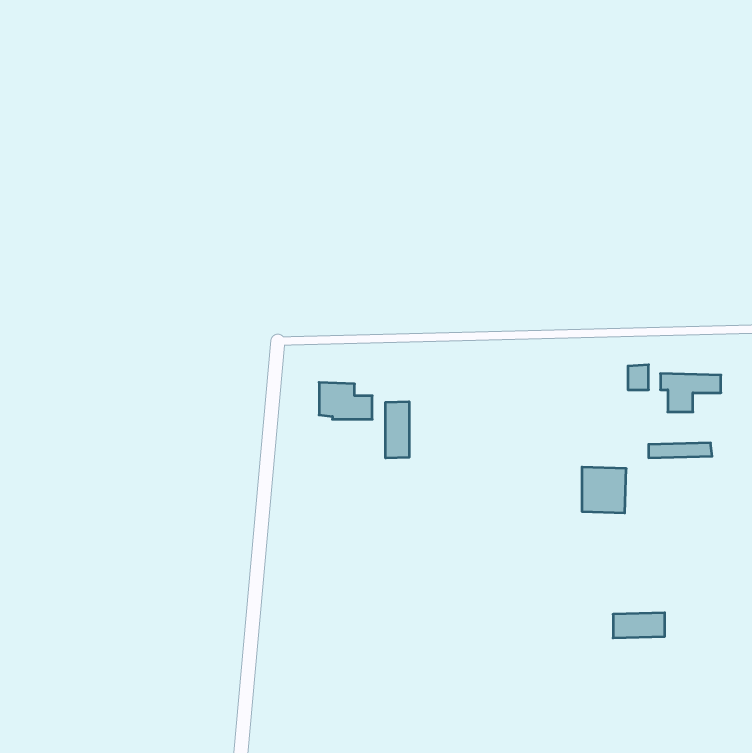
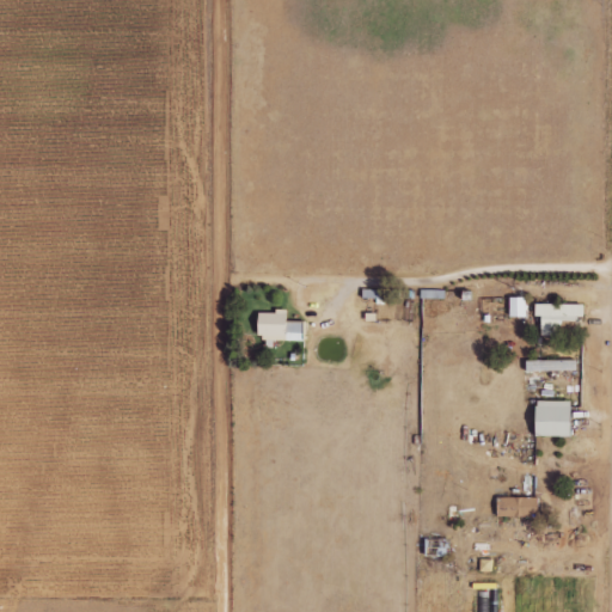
building: [386,402,409,458] -> none
building: [582,467,626,513] -> [536,399,571,436]

